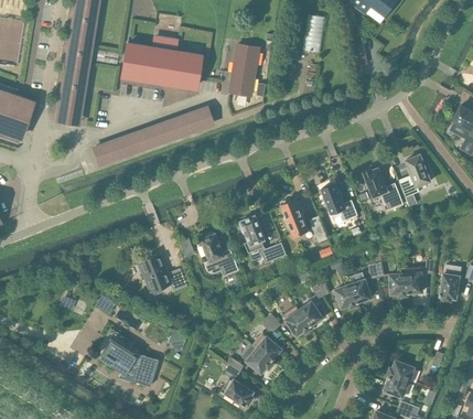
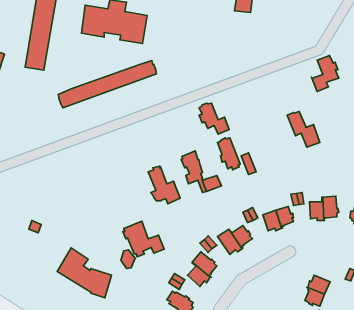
building: [229,45,259,94] -> none
building: [399,154,431,196] -> [312,56,339,91]
building: [322,183,357,219] -> [199,103,229,134]
building: [137,253,185,294] -> [123,221,164,257]

